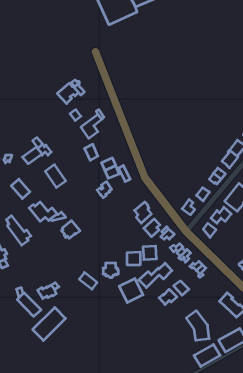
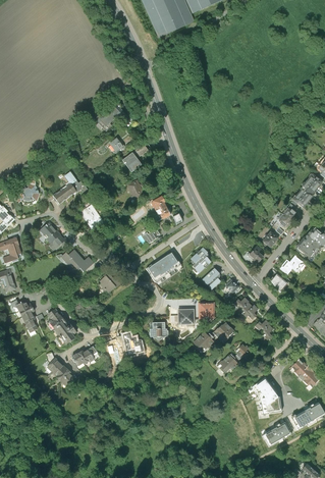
building: none -> [144,252,180,284]
building: [6,216,31,245] -> [49,309,78,344]
building: [119,278,143,303] -> none
building: [33,307,66,341] -> none

